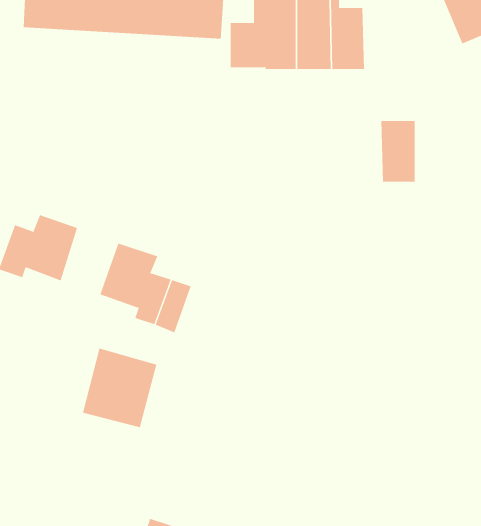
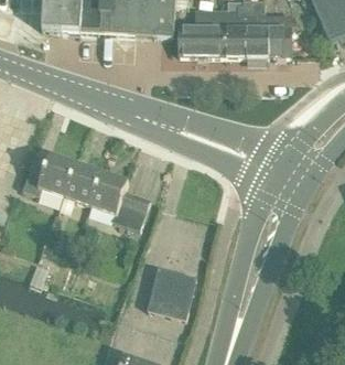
building: [381,120,416,182] -> [263,14,287,55]
building: none -> [64,160,101,204]
building: [82,348,157,428] -> [147,266,196,319]

